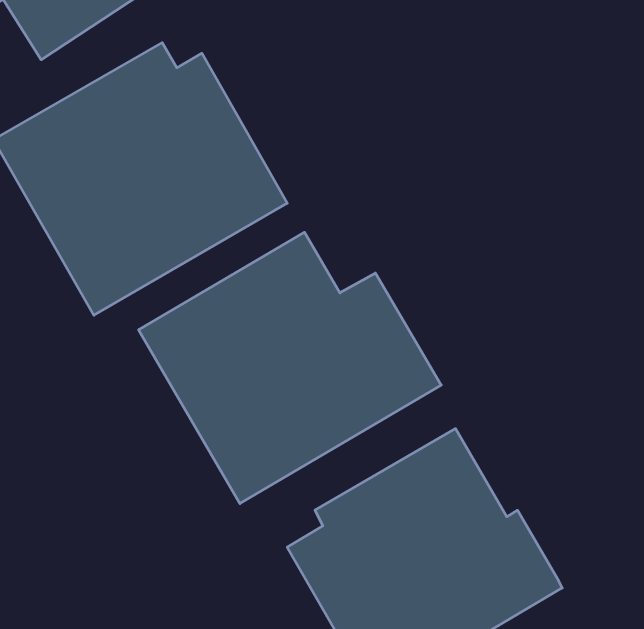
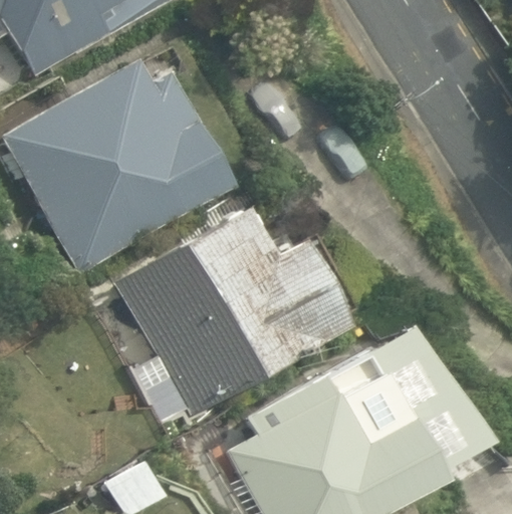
building: none -> [357,329,486,472]

